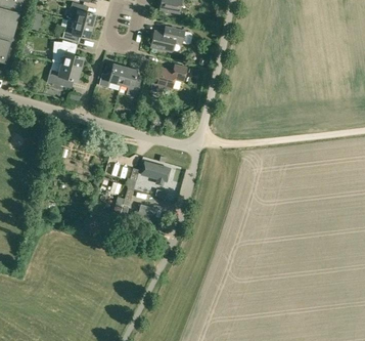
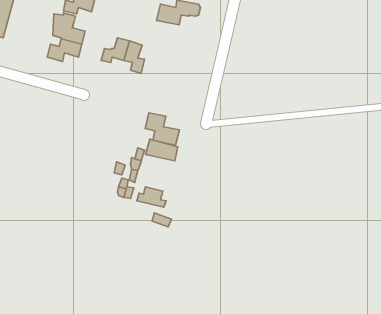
building: [150,63,186,91] -> none
building: none -> [145,113,179,145]

